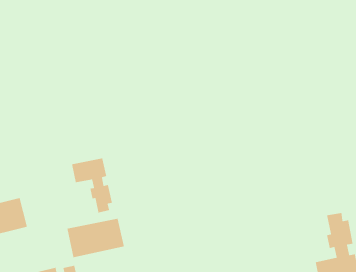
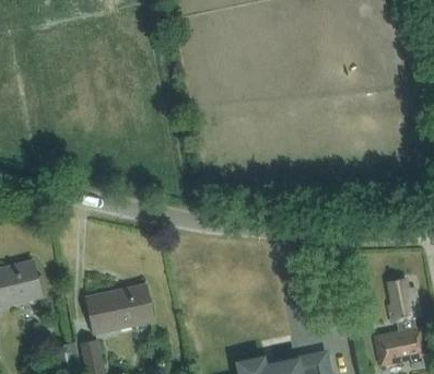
building: [71,158,113,213] -> none

